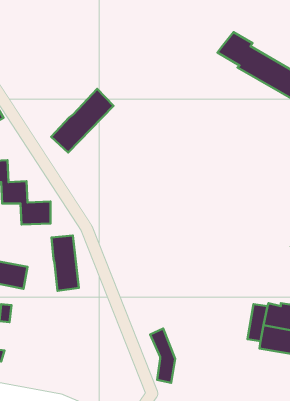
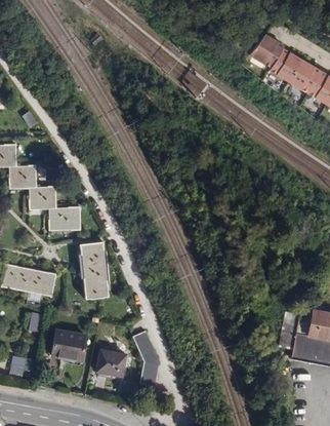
building: [51,89,113,153] -> none
building: none -> [52,331,86,359]
building: [150,328,175,383] -> [133,331,159,386]
building: none -> [96,349,126,376]

